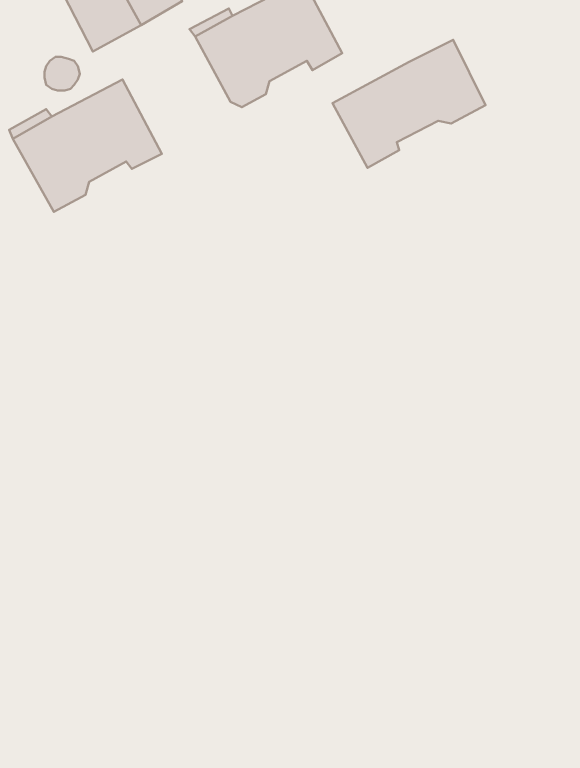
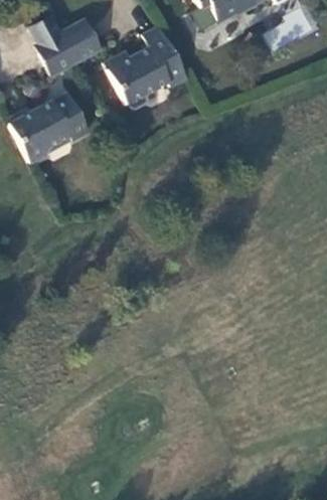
building: [333,40,486,168] -> none

